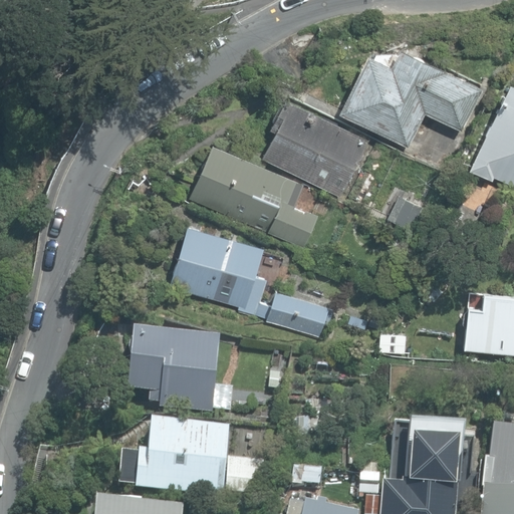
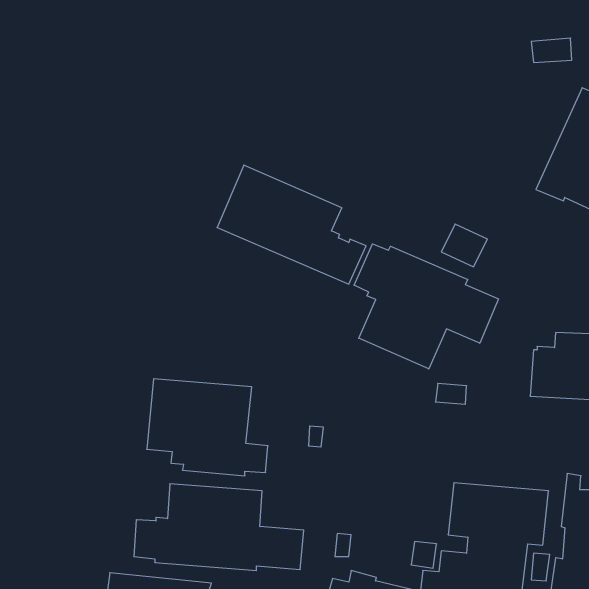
building: [339,41,483,140] -> none
building: [263,100,368,197] -> none
building: none -> [354,244,499,369]
building: [169,225,332,338] -> none

